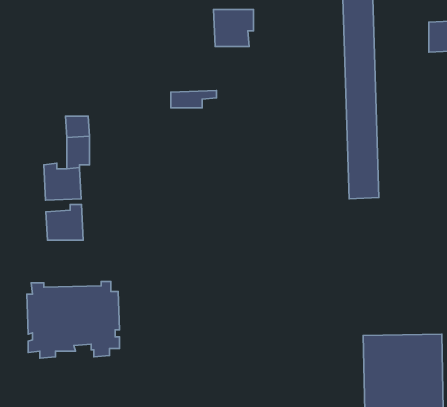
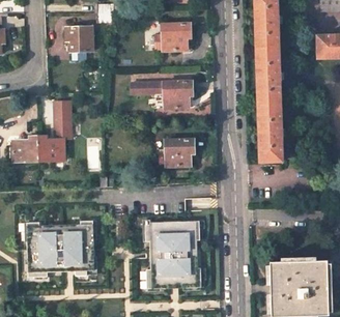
building: none -> [64,25,93,50]
building: none -> [164,82,192,108]
building: none -> [165,138,194,166]
building: [46,205,83,240] -> [12,136,39,162]
building: none -> [144,220,200,288]

